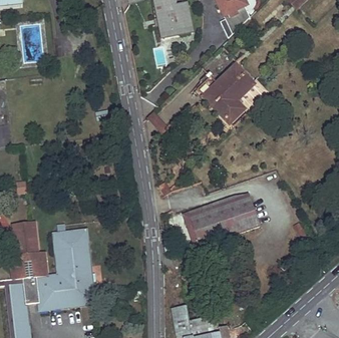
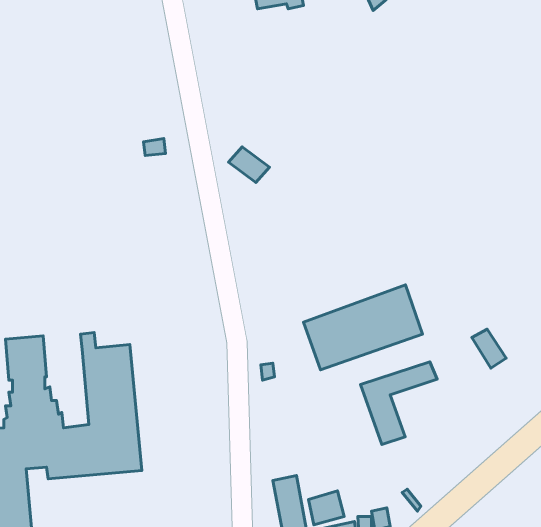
building: [196,64,251,119] -> none
building: none -> [361,362,437,445]

